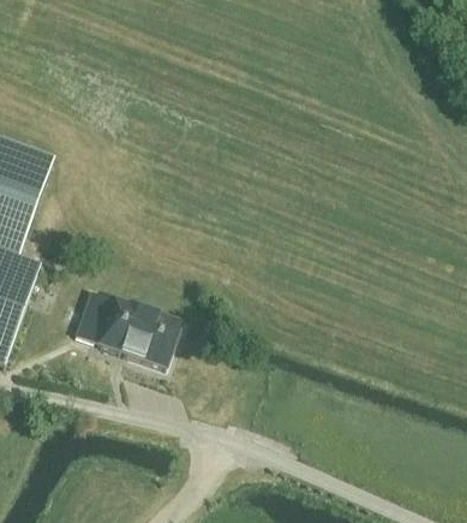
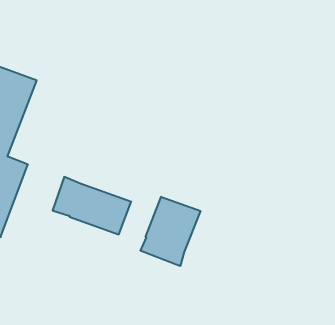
building: none -> [140,197,200,266]

